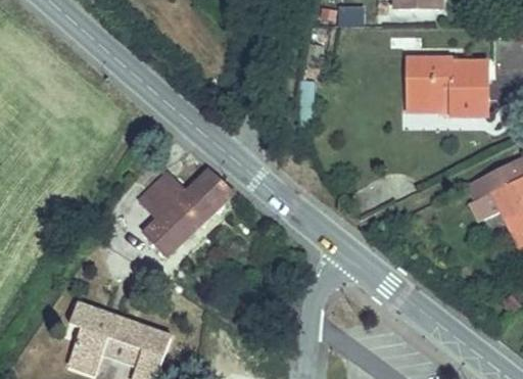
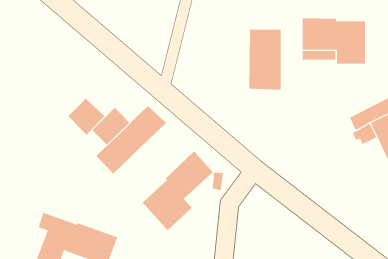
building: none -> [249,29,281,91]
building: none -> [68,98,105,135]
building: none -> [142,150,214,231]

